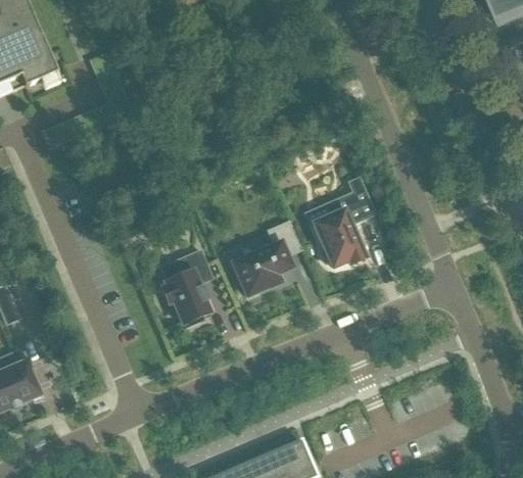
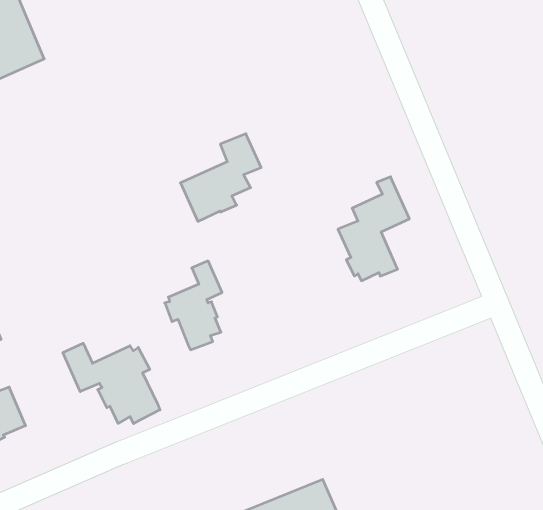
building: [232,220,302,296] -> [180,134,261,221]
building: none -> [63,343,160,424]

